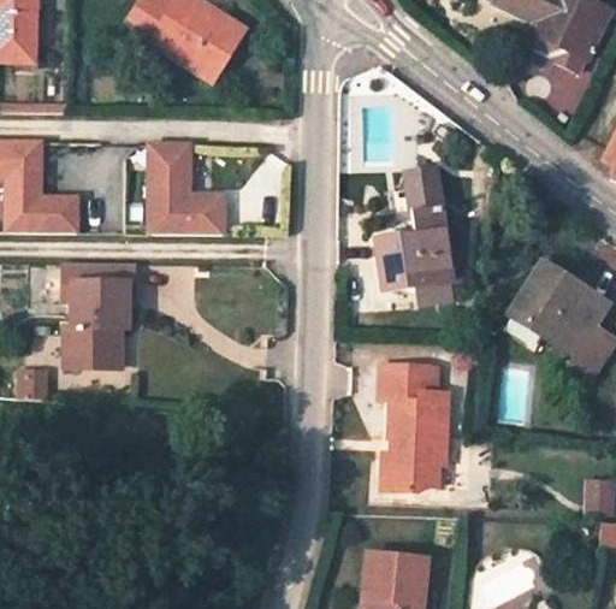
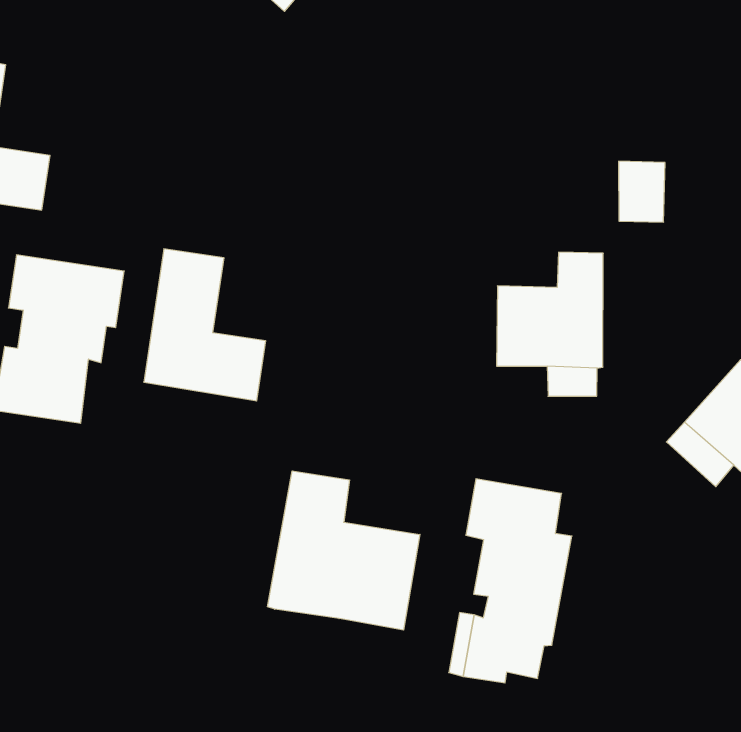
building: [147,144,221,233] -> [144,249,266,401]
building: [405,167,440,209] -> [619,161,665,222]
building: none -> [268,471,420,630]

